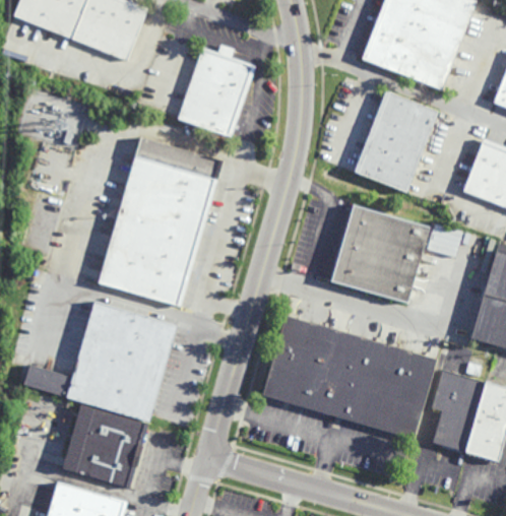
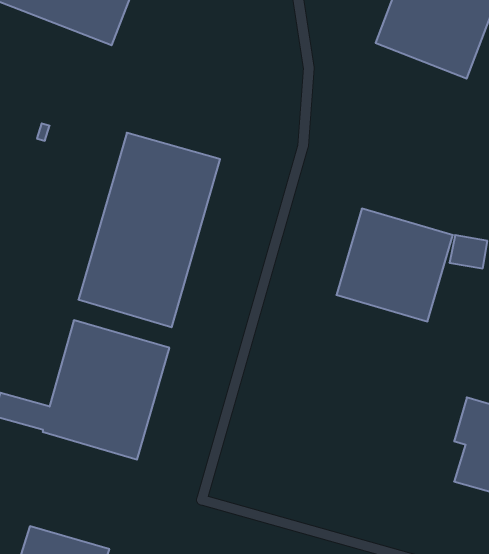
building: [179,44,257,136] -> none
building: [354,89,437,192] -> none
building: [264,316,436,440] -> none
building: [62,406,148,491] -> none

